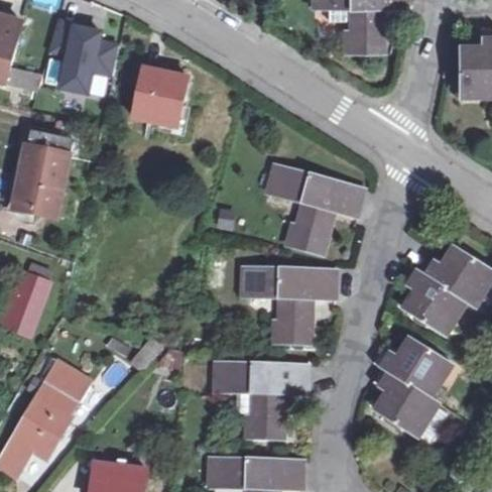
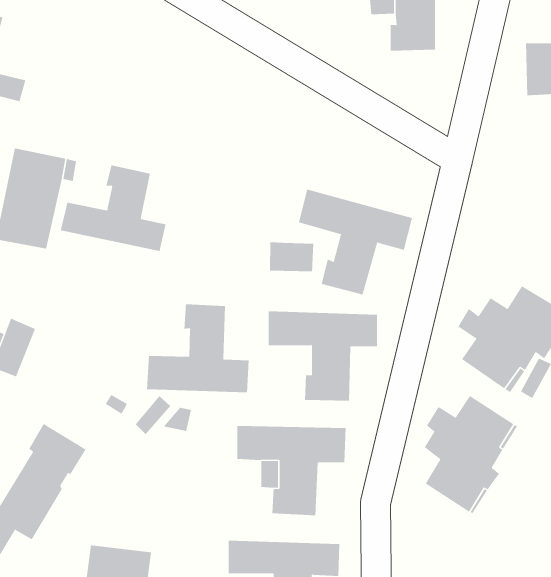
building: [49,20,119,94] -> none
building: [134,70,186,125] -> none
building: none -> [60,164,166,252]
building: none -> [270,242,314,272]
building: none -> [147,304,249,393]

